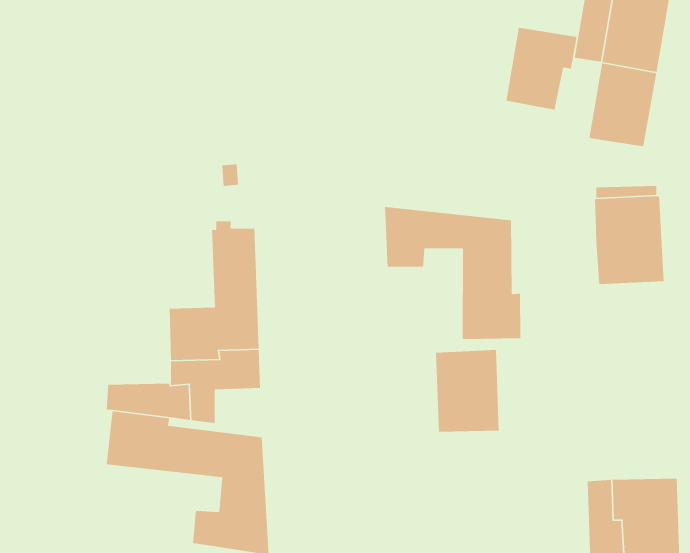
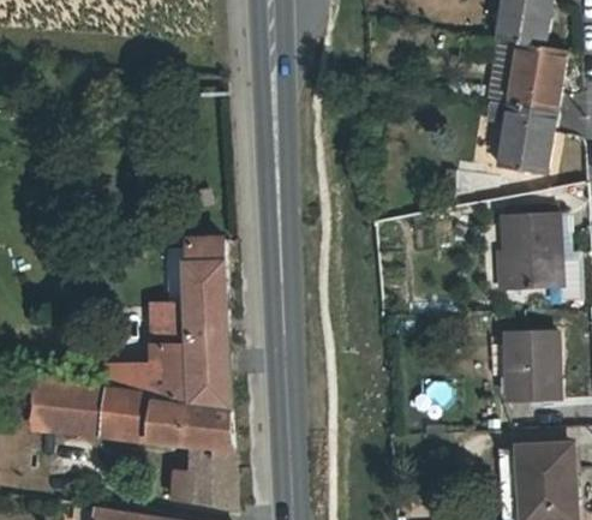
building: [505,27,577,111] -> none
building: [384,206,521,340] -> none
building: [435,349,500,432] -> [506,331,558,400]
building: none -> [192,372,231,407]
building: none -> [29,381,107,435]

